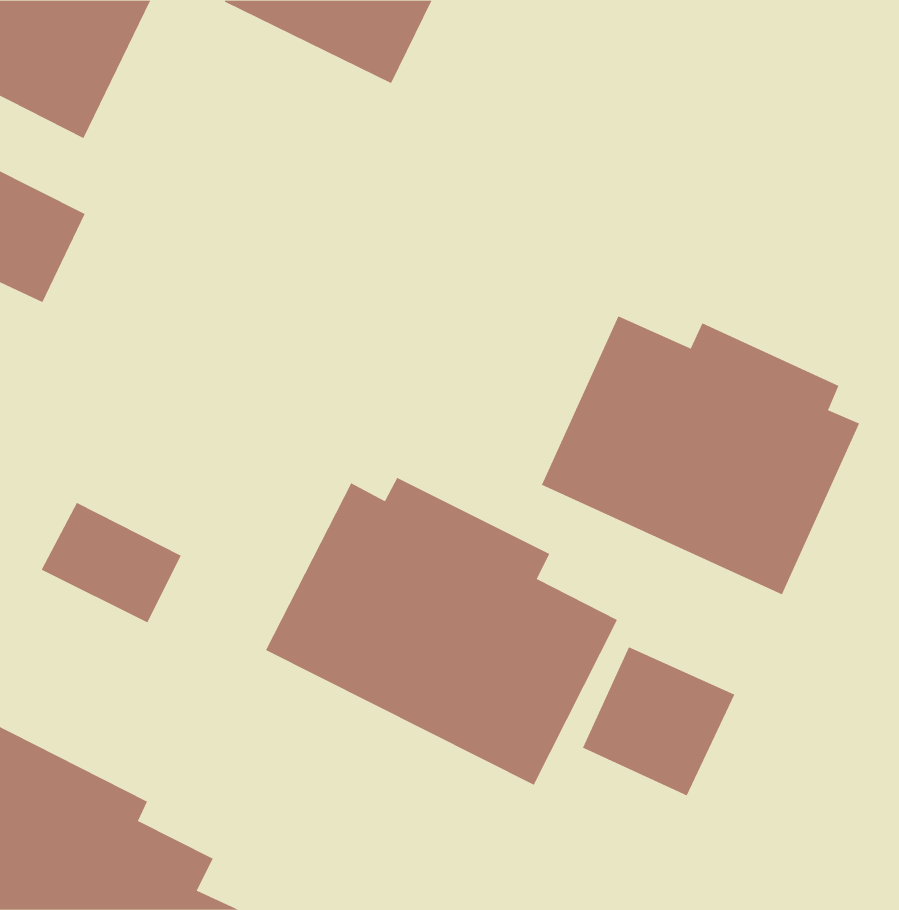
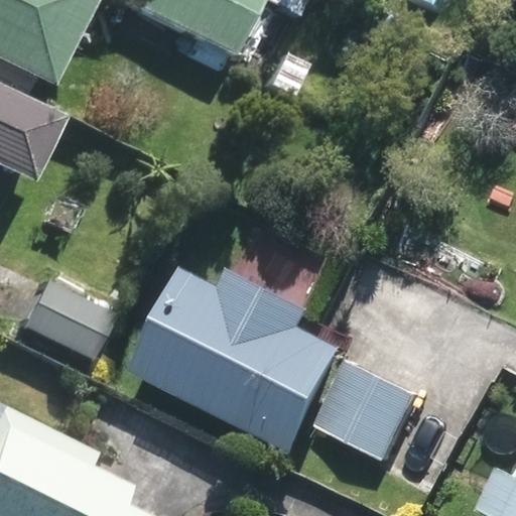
building: [541,316,860,595] -> none

